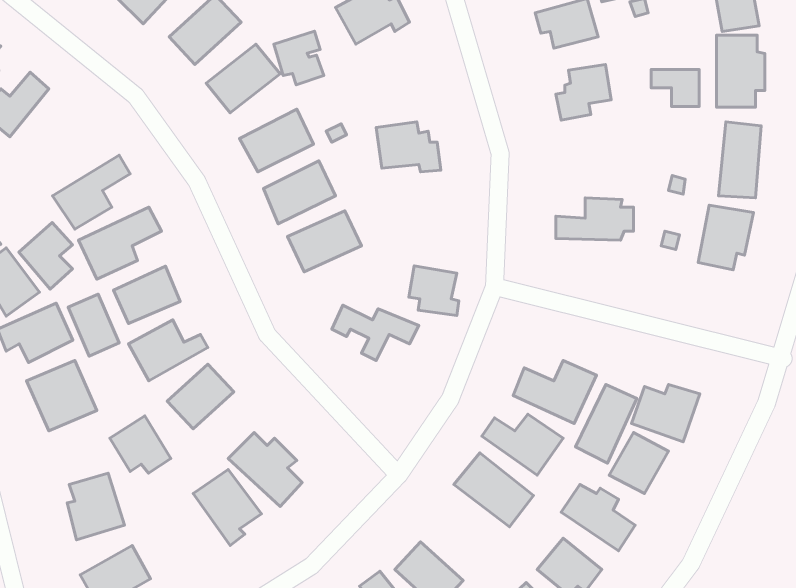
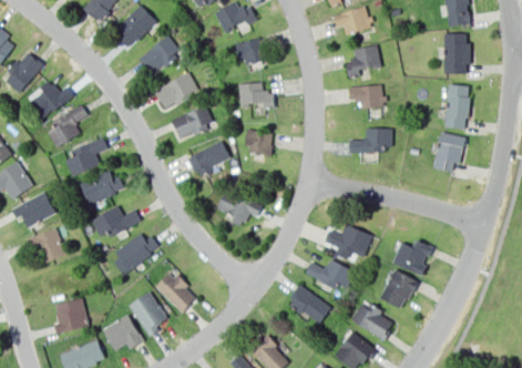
building: [274,31,324,85] -> [235,35,265,68]
building: [651,69,699,106] -> [354,85,382,108]
building: [19,223,72,289] -> [31,80,63,120]
building: [409,266,459,316] -> [245,130,275,160]
building: [68,294,119,356] -> none
building: [576,384,637,463] -> none
building: [110,416,171,473] -> [105,314,142,348]

